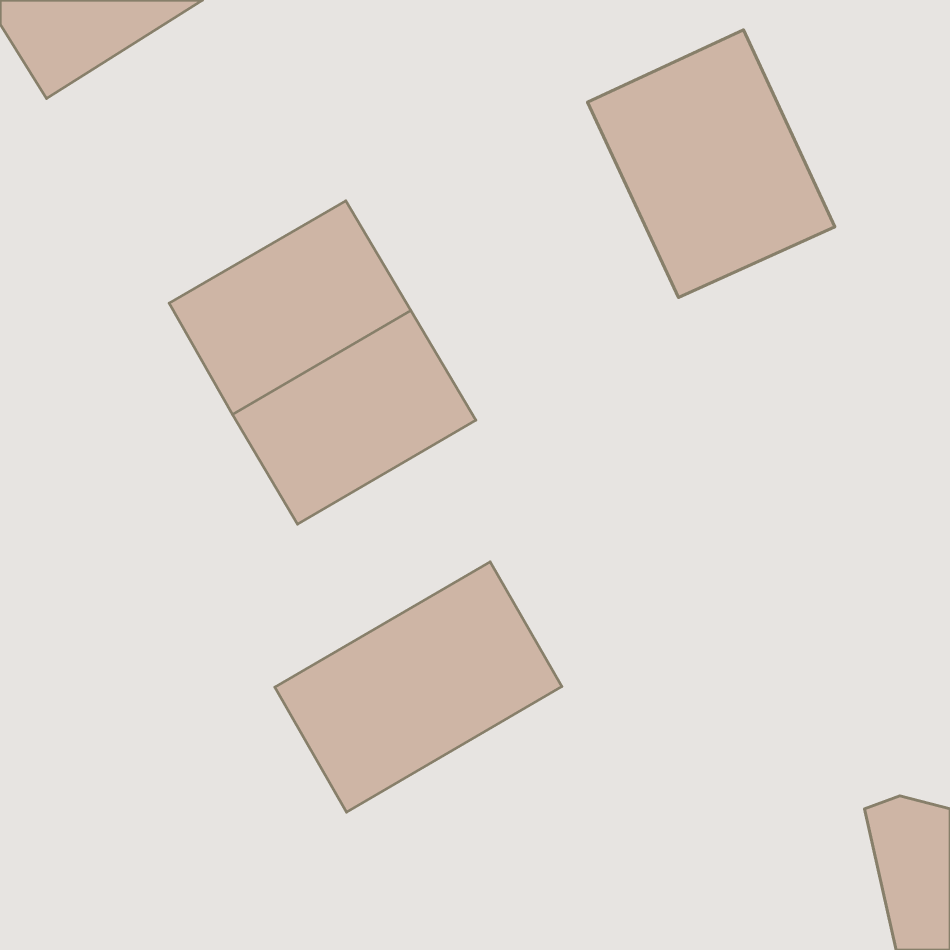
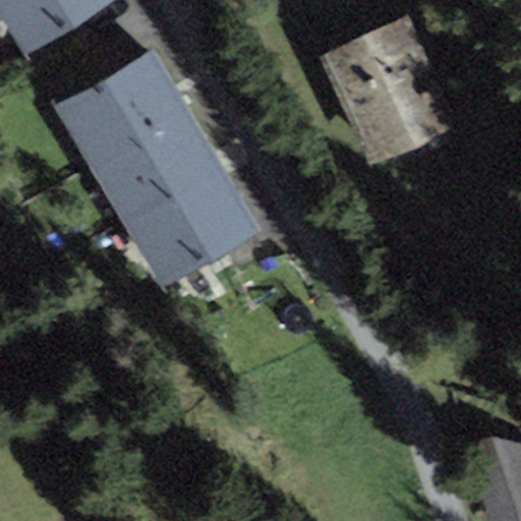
building: none -> [57,49,189,166]
building: [275,562,562,812] -> none

